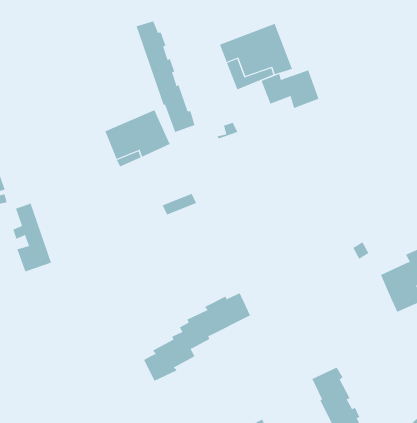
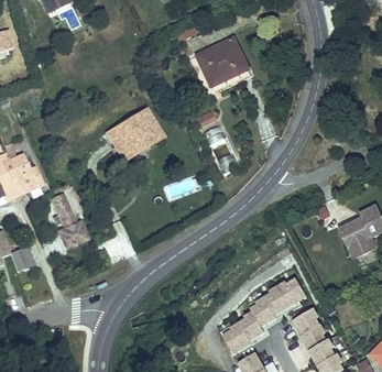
building: [136,21,195,133] -> none
building: [261,69,319,109] -> none
building: [143,293,251,381] -> [222,277,305,352]

